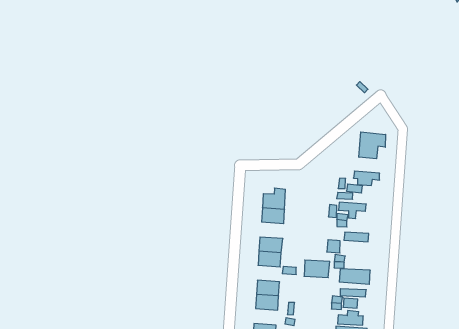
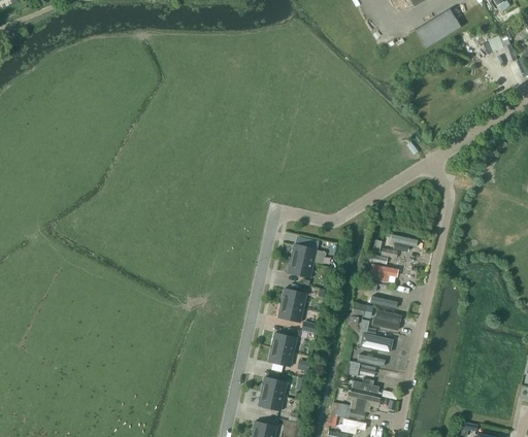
building: [359,132,386,159] -> none
building: [304,260,330,278] -> [373,310,402,332]

